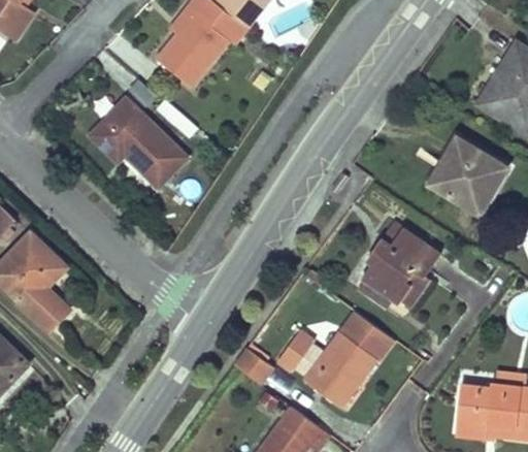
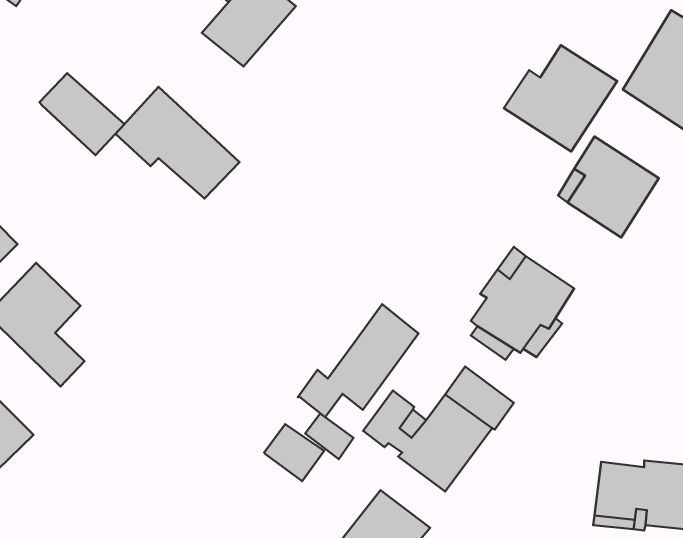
building: none -> [504,45,617,152]
building: none -> [39,73,124,155]
building: none -> [298,304,419,417]
building: none -> [264,424,324,481]

